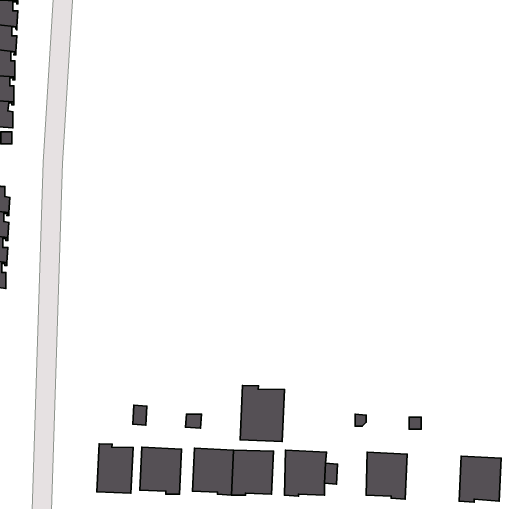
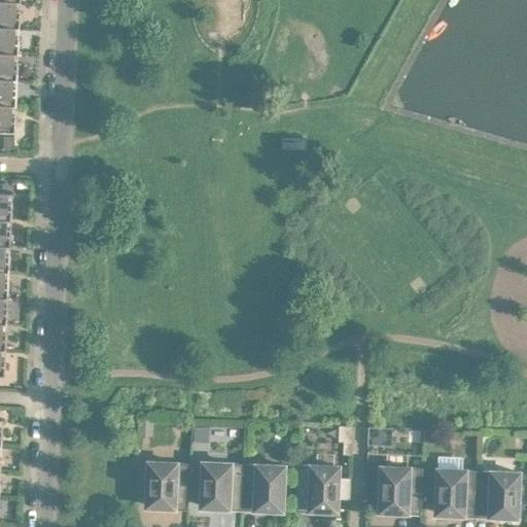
building: [240,385,285,441] -> none
building: [97,444,133,493] -> none
building: none -> [433,469,476,518]

